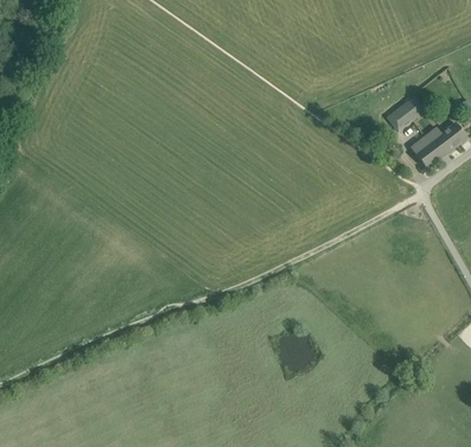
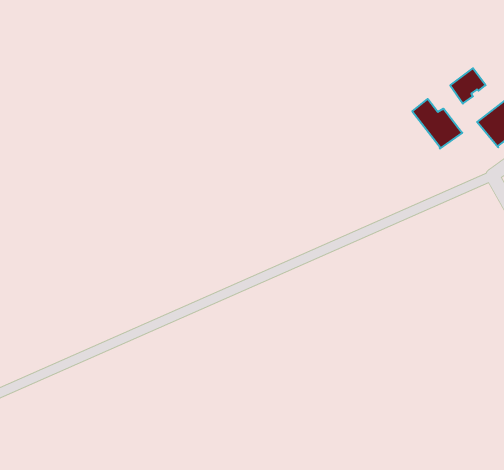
building: none -> [412,99,462,149]

